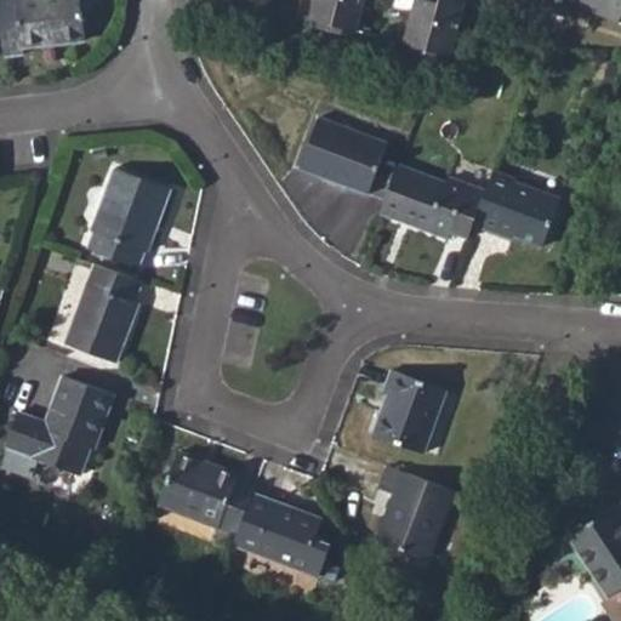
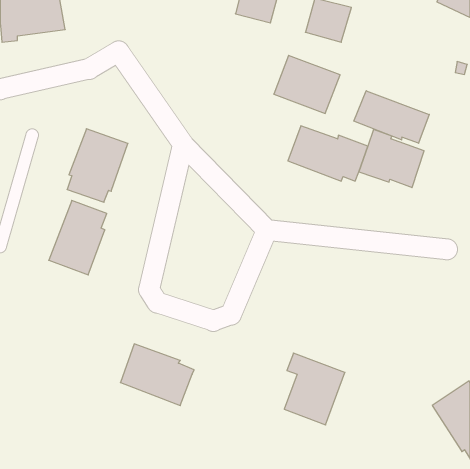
building: [300,118,387,194] -> [274,55,340,113]
building: none -> [354,91,429,143]
building: [374,370,446,452] -> none
building: [5,377,113,475] -> none
building: [234,494,330,576] -> none

